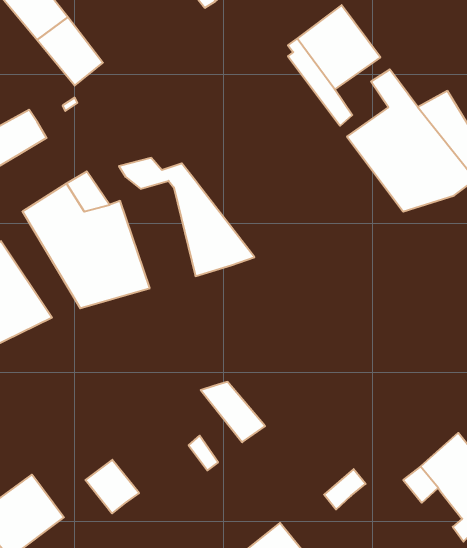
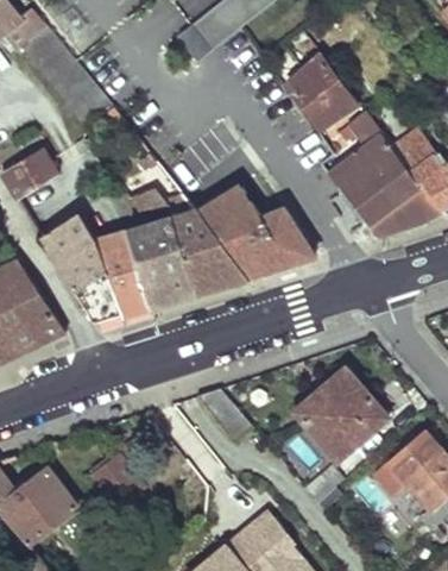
building: none -> [196,200,316,277]
building: none -> [126,215,193,305]
building: none -> [296,370,385,460]

